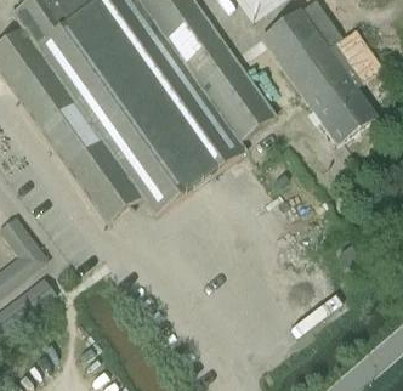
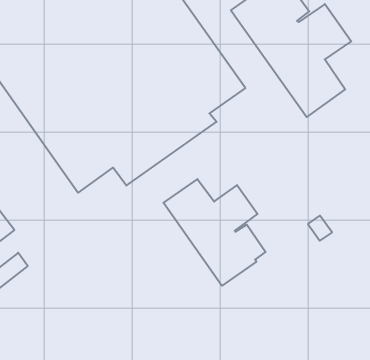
building: none -> [163,179,266,286]

